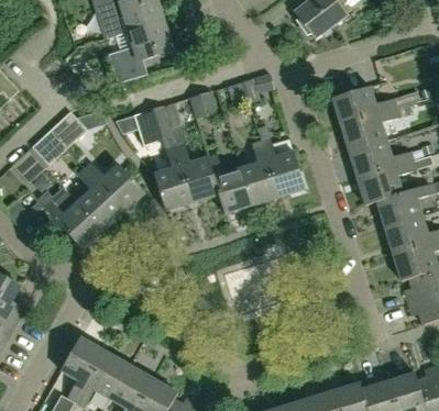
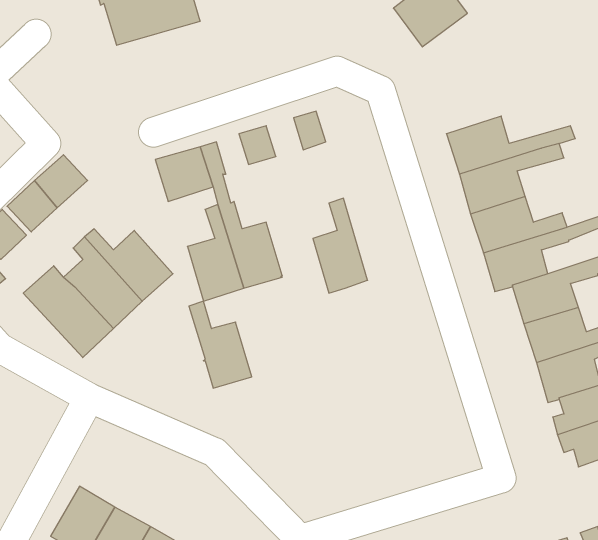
building: [106,20,172,82] -> none
building: [261,138,304,197] -> none
building: [208,154,251,213] -> [189,301,252,388]

